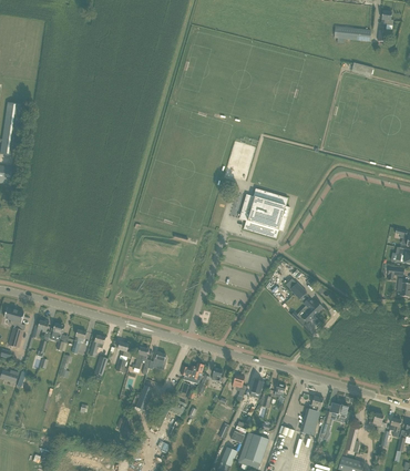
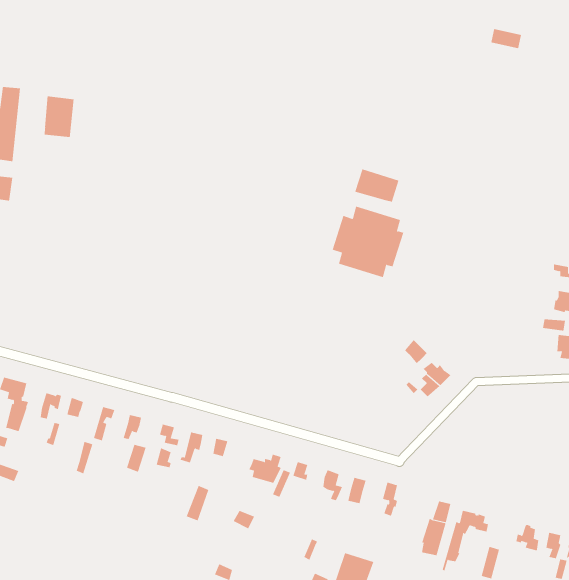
building: none -> [44,96,74,138]
building: none -> [354,169,399,203]

